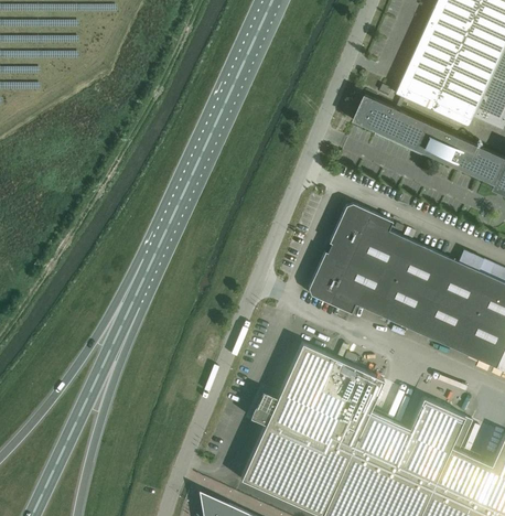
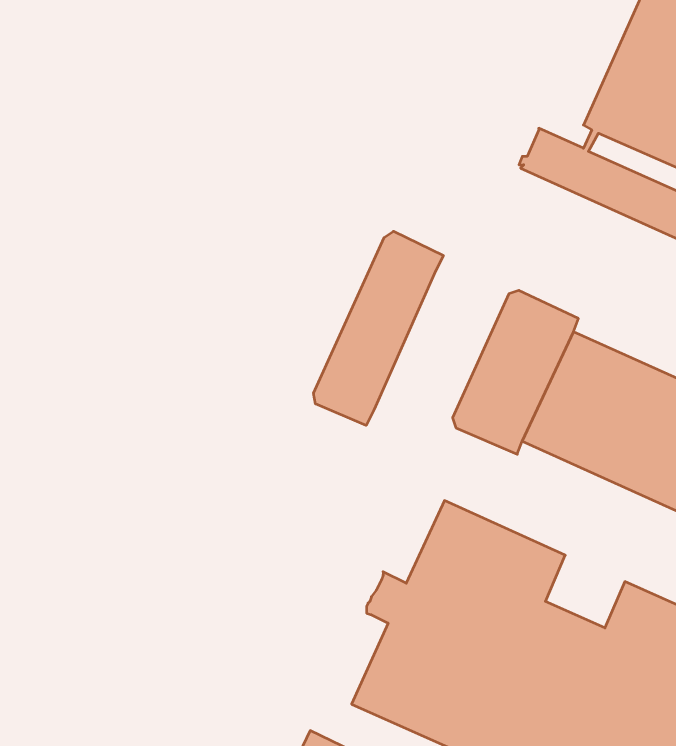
building: none -> [314,231,443,425]

